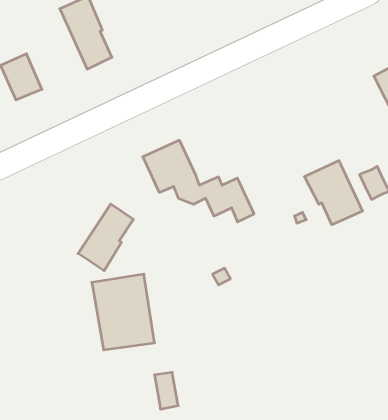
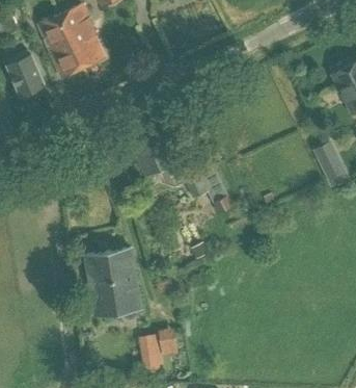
building: none -> [38,16,82,77]
building: [304,161,363,225] -> none
building: [78,204,133,271] -> none

